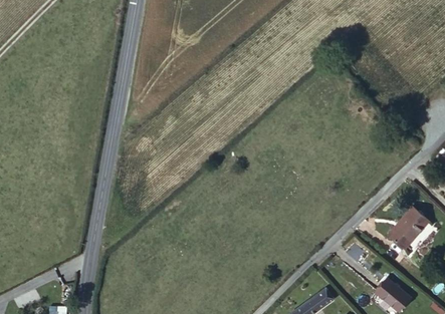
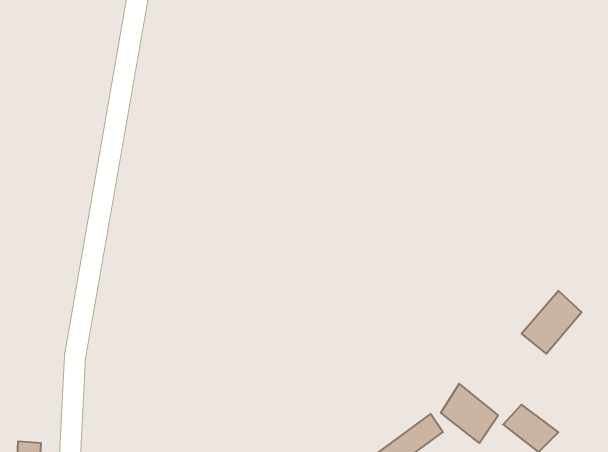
building: none -> [441,384,498,443]

